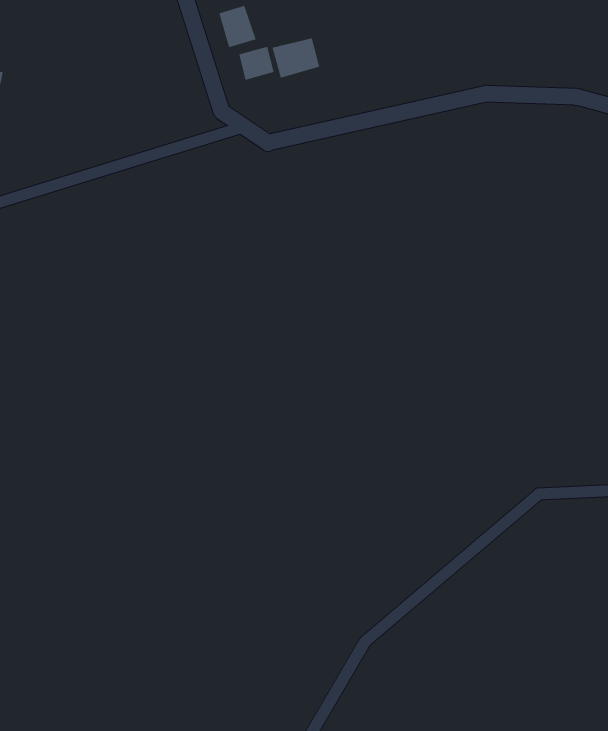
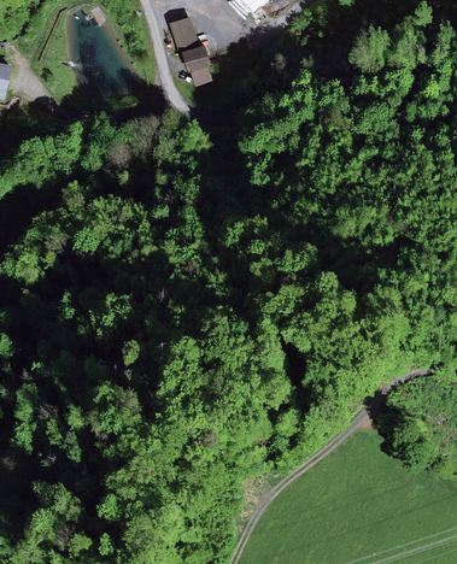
building: [272,38,320,78] -> none

